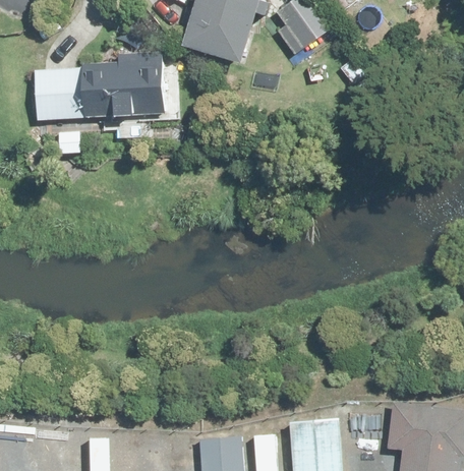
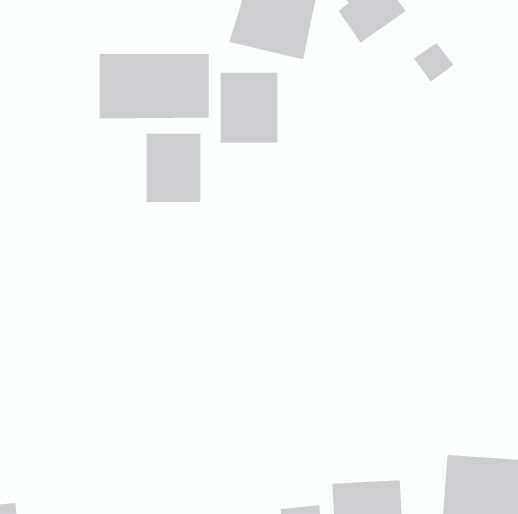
building: [48,70,93,126] -> [146,133,201,202]
building: none -> [220,72,278,144]

